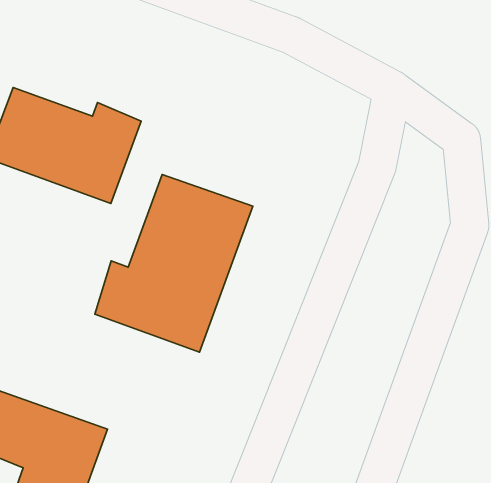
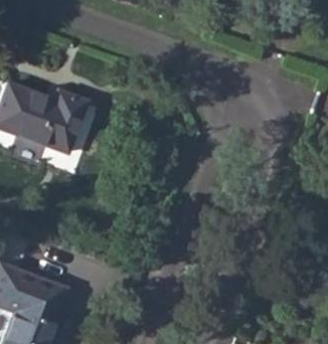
building: [95,175,253,352] -> none

